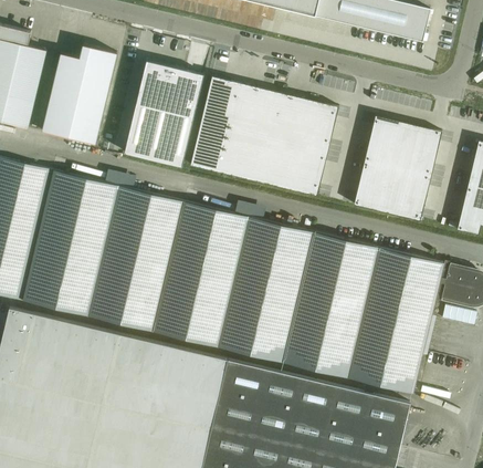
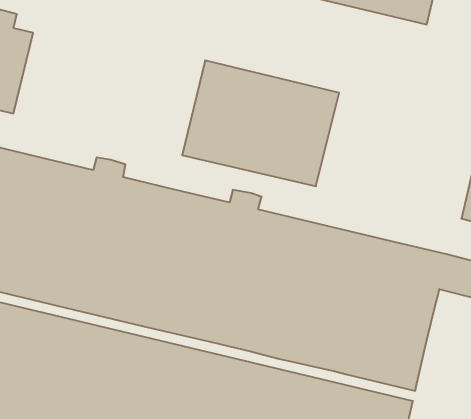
building: [42,46,115,143] -> none
building: [124,60,204,166] -> none
building: [353,114,441,220] -> none

